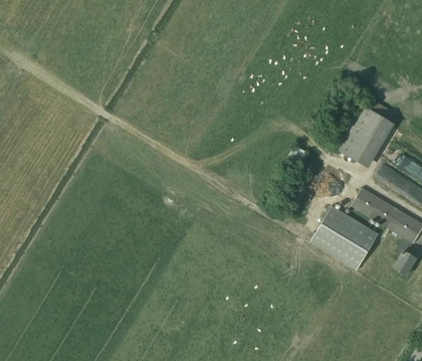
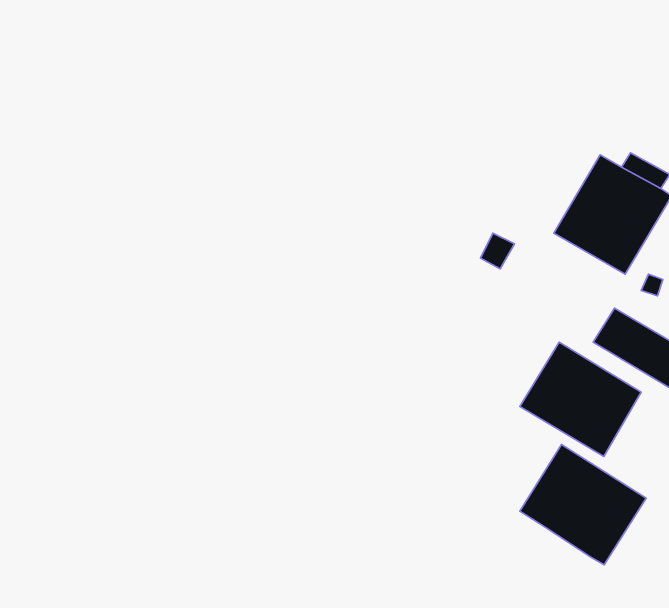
building: none -> [520,444,646,565]

